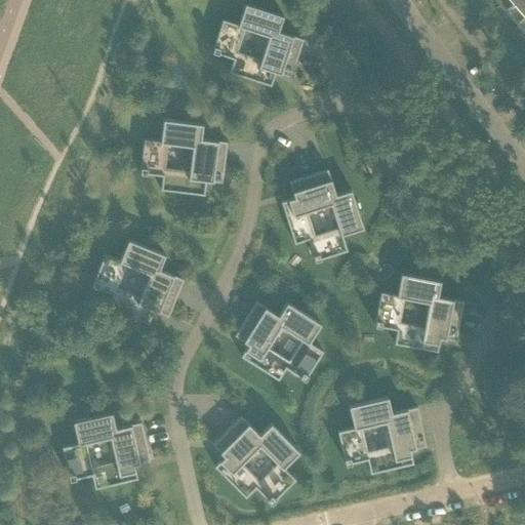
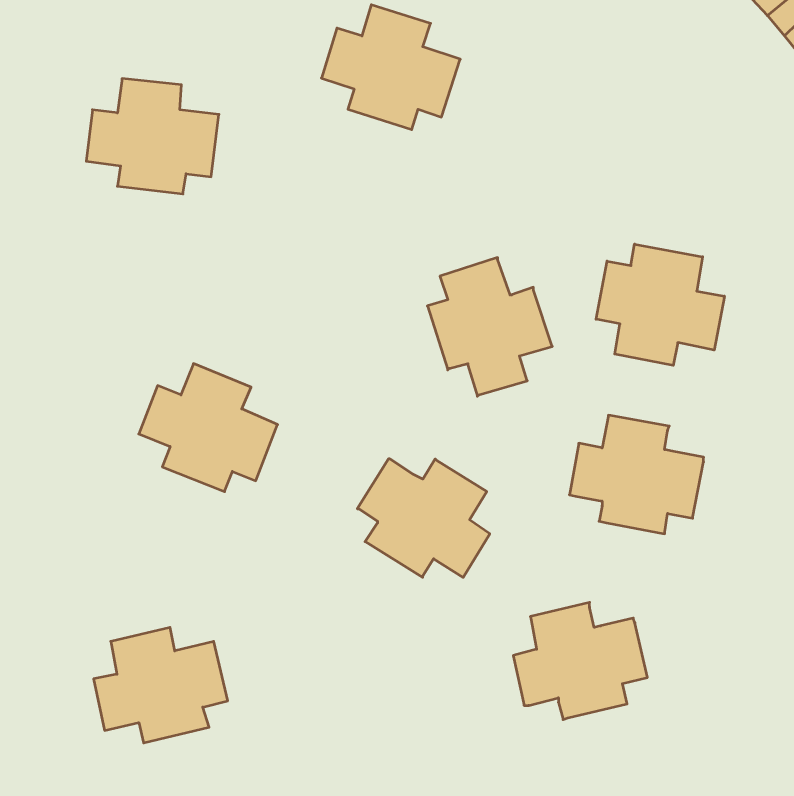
building: [142,118,229,194] -> [86,79,219,194]
building: none -> [596,244,724,365]
building: [214,415,300,502] -> none

